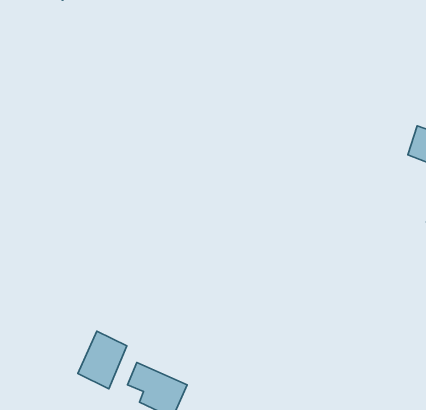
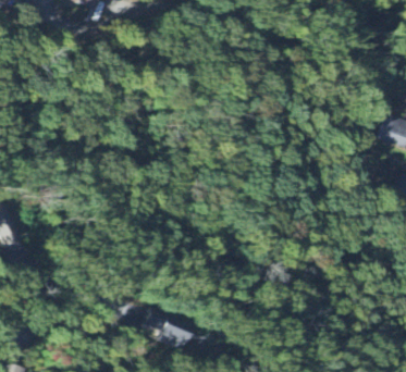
building: [78,331,127,389] -> none

